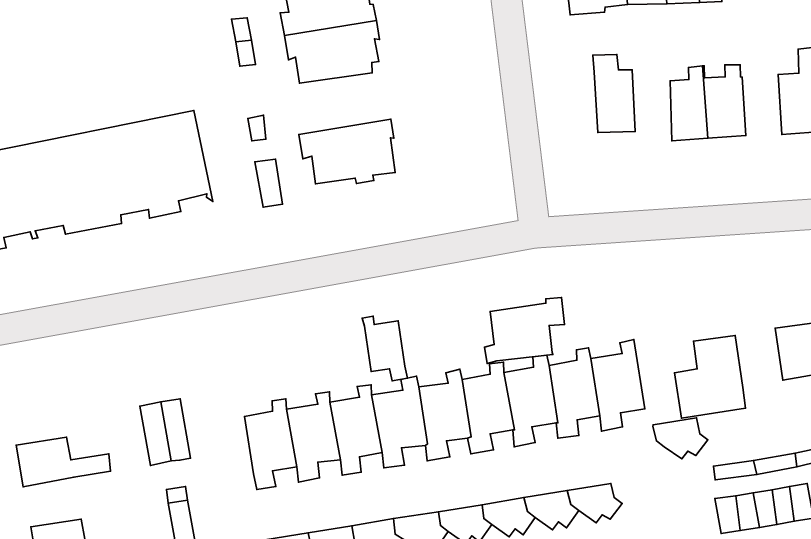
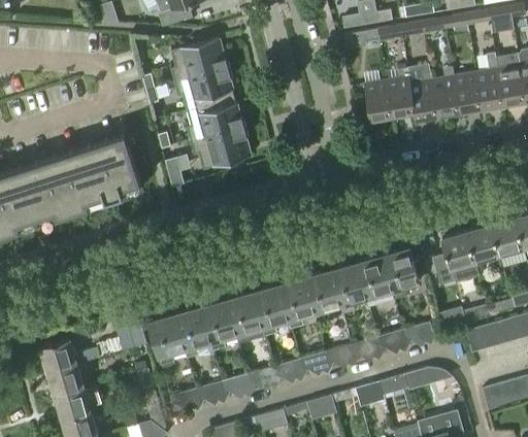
building: none -> [387,67,415,115]
building: none -> [187,98,244,140]
building: none -> [454,71,482,110]
building: [484,297,565,364] -> none
building: [362,316,407,381] -> none
building: none -> [467,225,499,263]
building: none -> [151,308,186,365]
building: [653,418,708,459] -> [402,322,436,347]
building: none -> [47,363,85,396]

